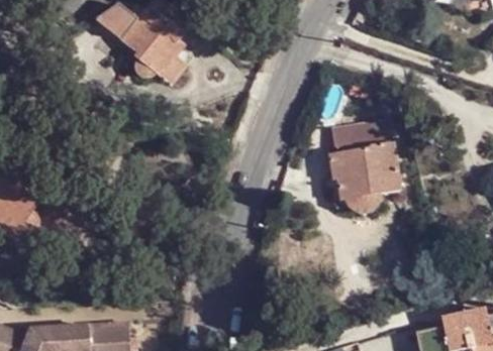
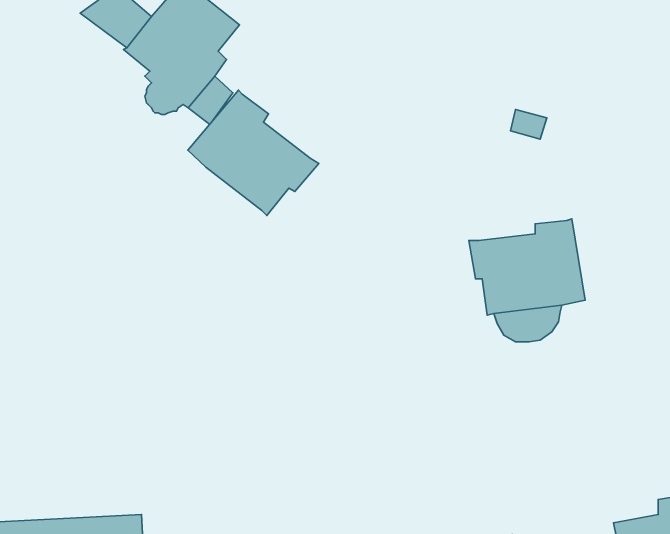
building: none -> [188,90,319,216]
building: [331,119,389,156] -> none

